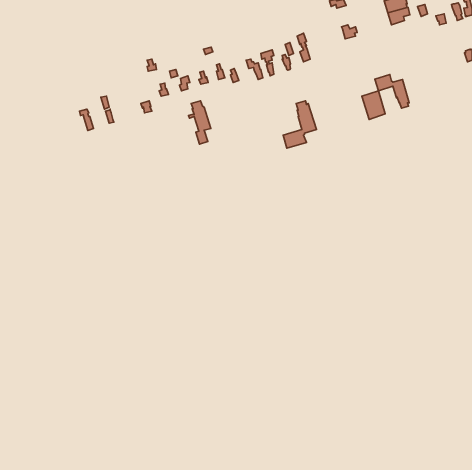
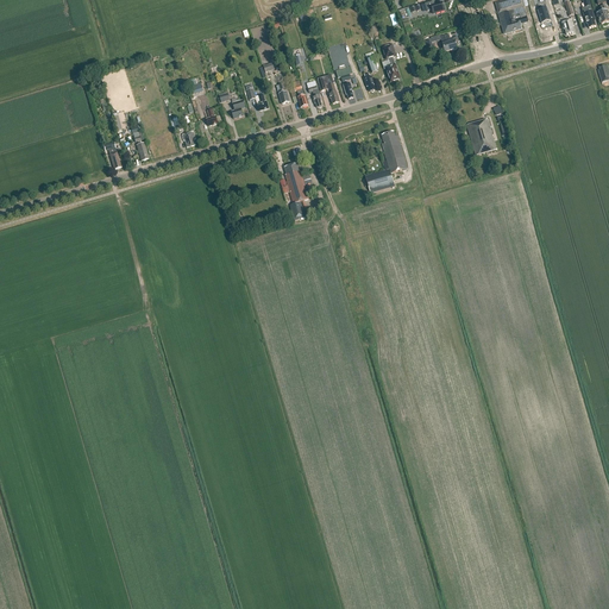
building: [375,74,409,108] -> none
building: [189,101,211,144] -> [280,162,308,218]

